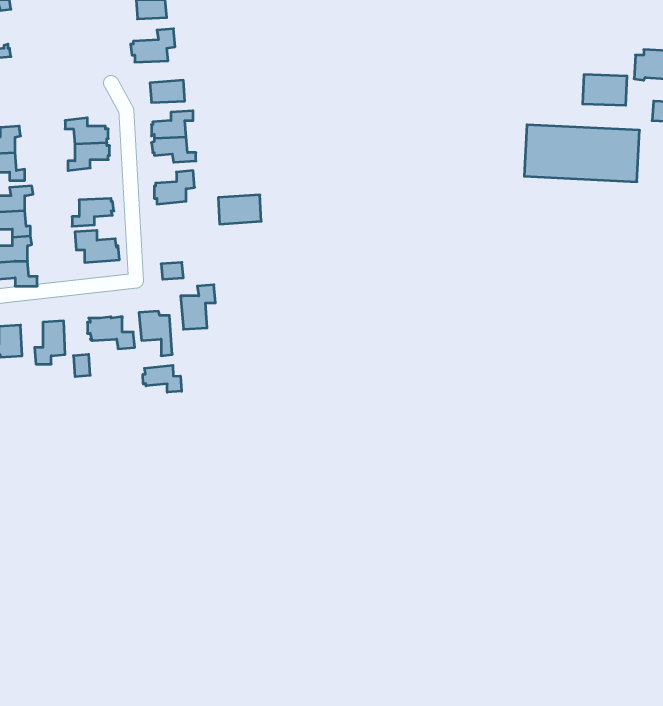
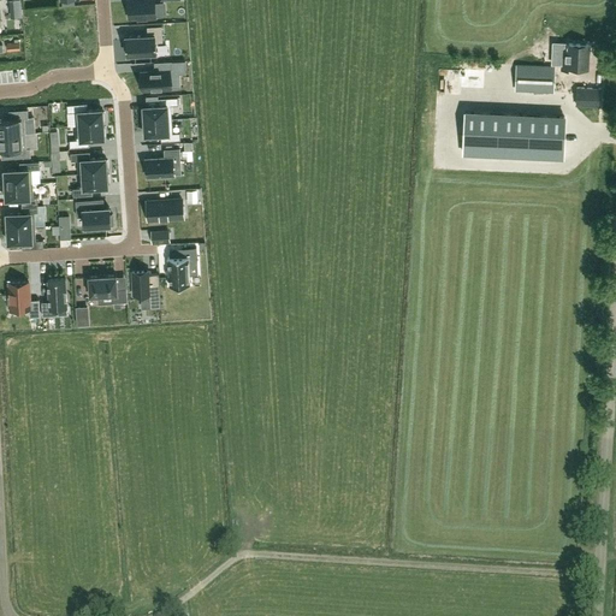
building: none -> [69,154,107,176]
building: [218,195,261,224] -> [146,200,183,225]
building: [143,365,182,392] -> none

